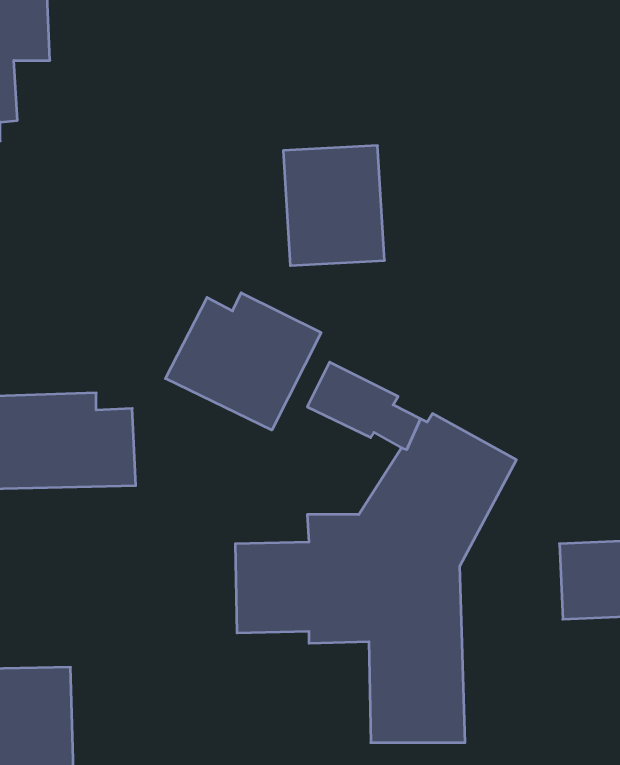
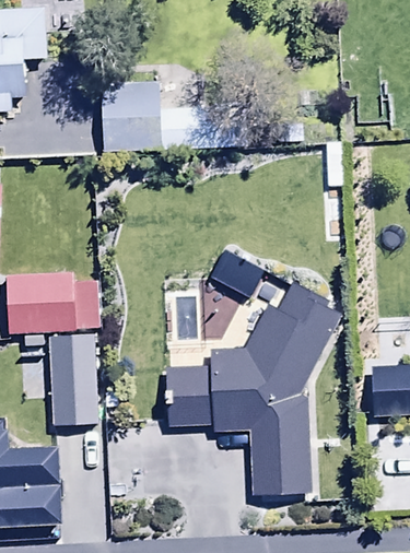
building: [283,146,385,266] -> [98,79,163,155]
building: [165,293,321,430] -> none
building: none -> [49,332,99,426]

